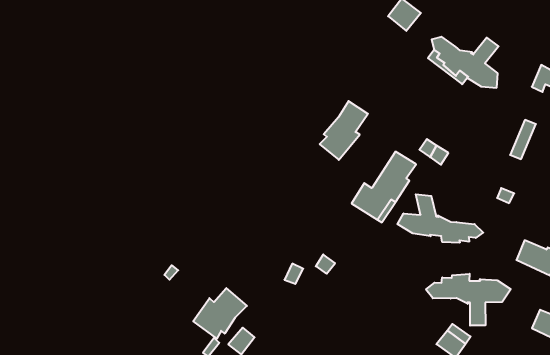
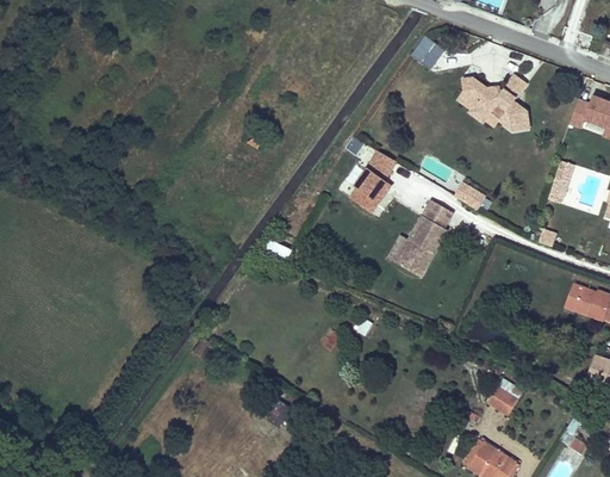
building: [397,194,483,243] -> none
building: [426,274,511,326] -> none
building: [193,288,247,339] -> none

